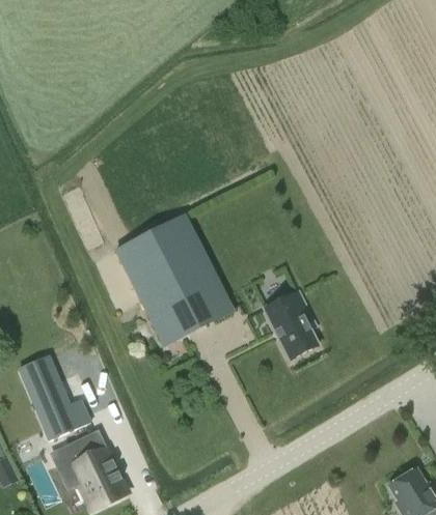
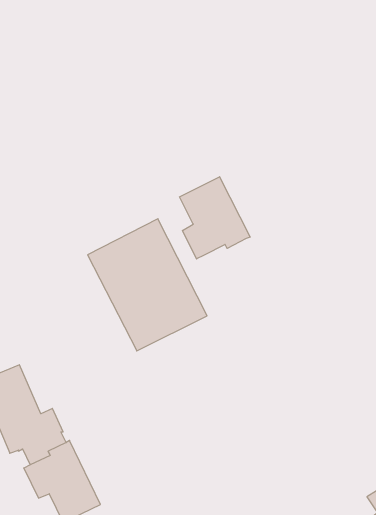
building: none -> [180,177,250,259]
building: [265,291,318,359] -> none

